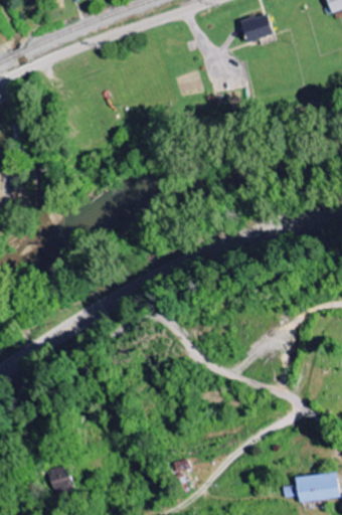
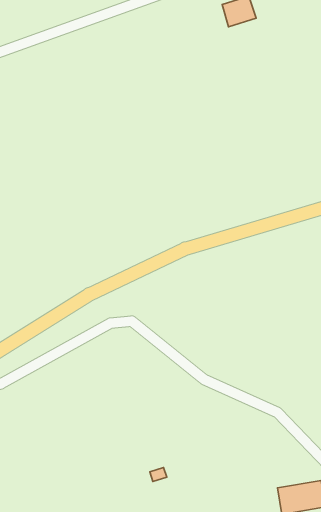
building: [47,466,69,492] -> none

